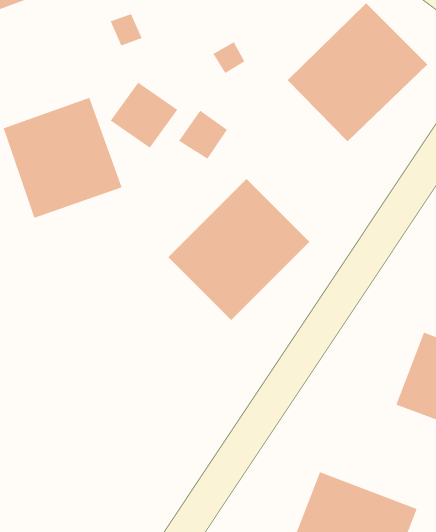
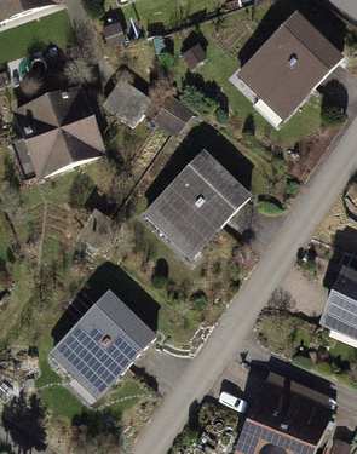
building: none -> [47,287,159,398]

